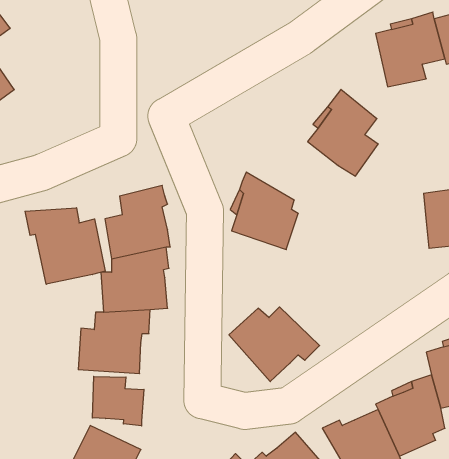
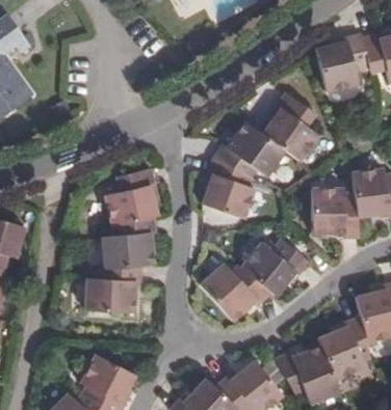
building: none -> [215,125,287,181]
building: [25,208,105,284] -> none
building: none -> [312,190,360,240]
building: none -> [241,238,310,297]
building: [92,376,144,426] -> none

